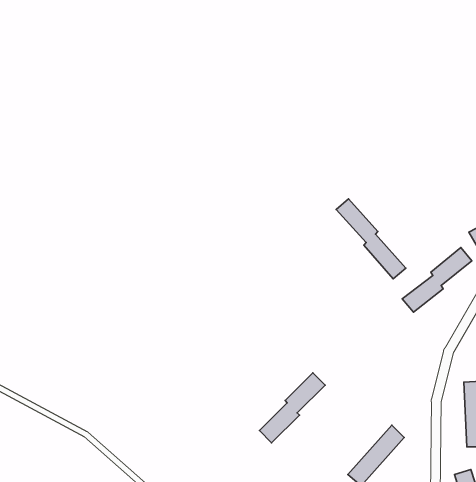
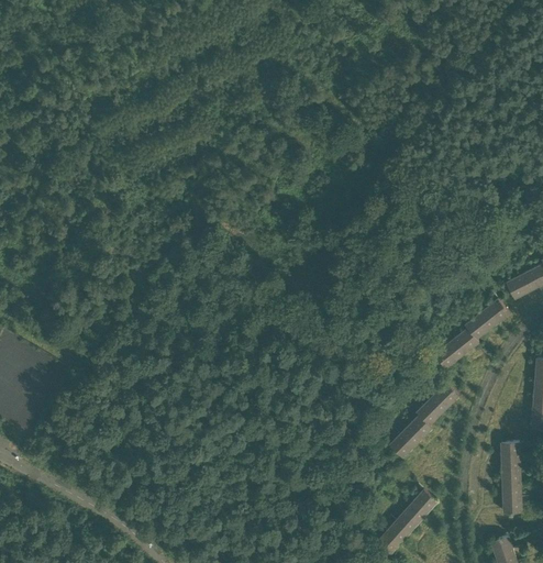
building: [336,199,406,279] -> none
building: [259,373,325,443] -> [388,383,458,457]

